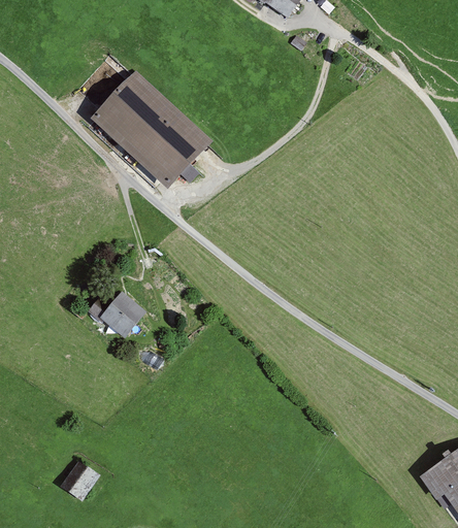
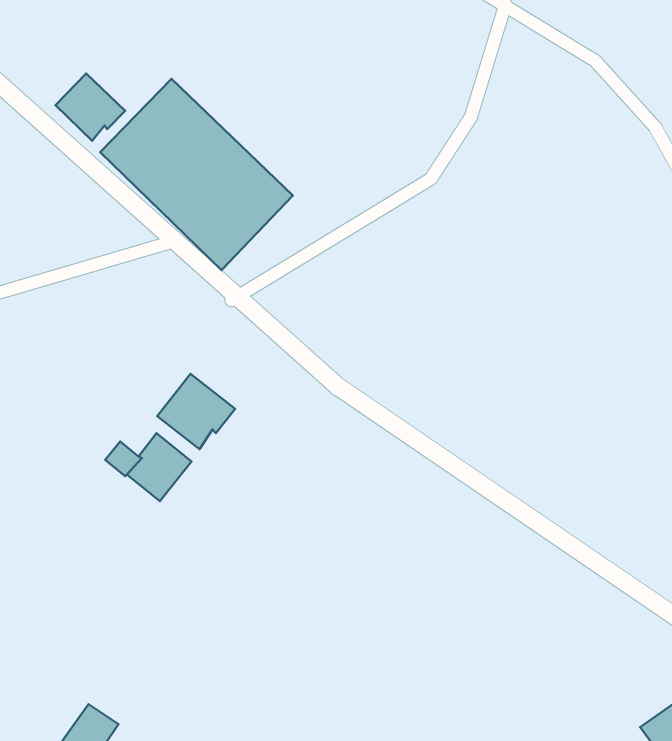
building: none -> [55,73,125,141]
building: none -> [157,374,235,449]

